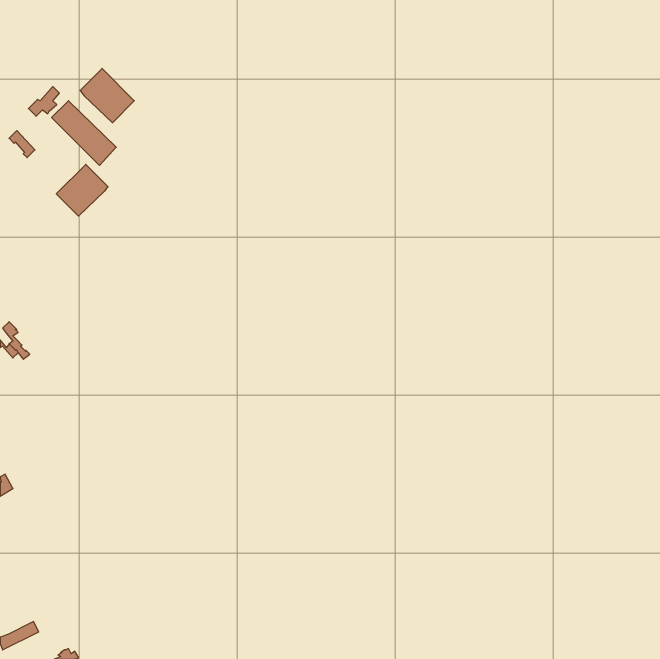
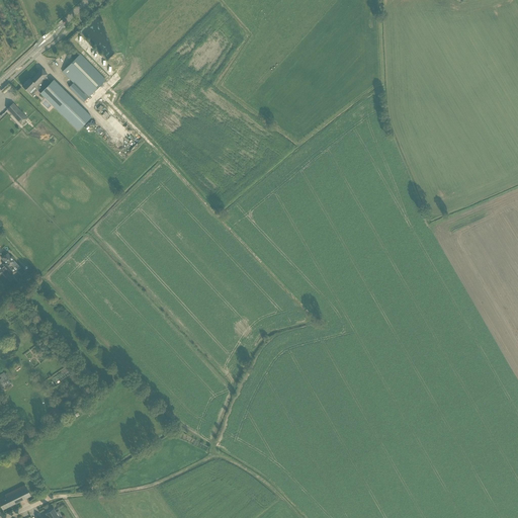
building: [56,164,108,216] -> none

